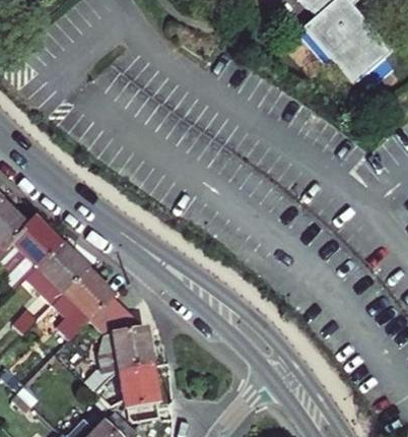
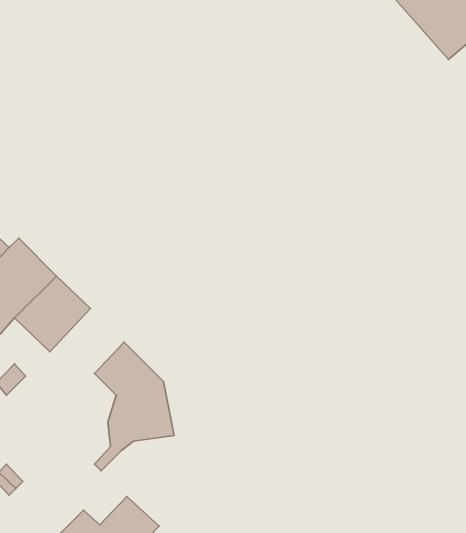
building: [54,267,113,336] -> none
building: [95,363,159,418] -> none

